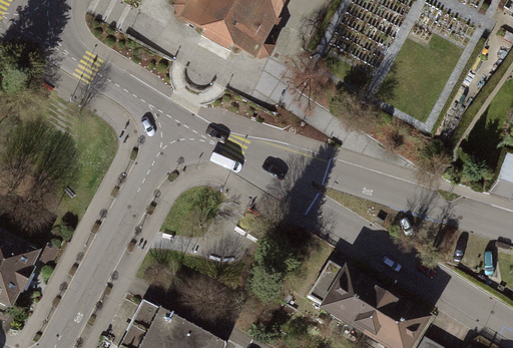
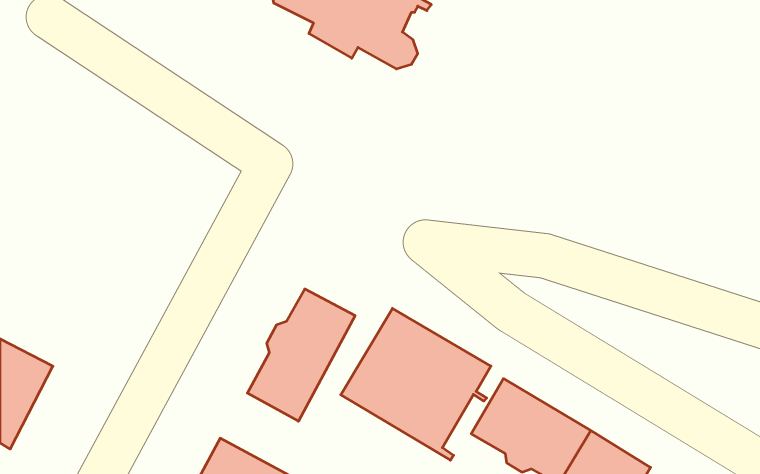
building: none -> [247,289,355,421]
building: none -> [341,308,491,460]

